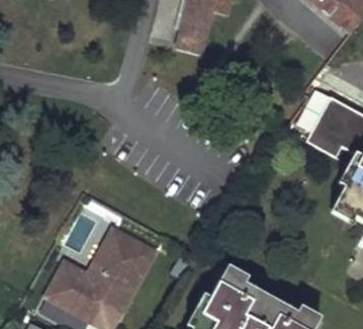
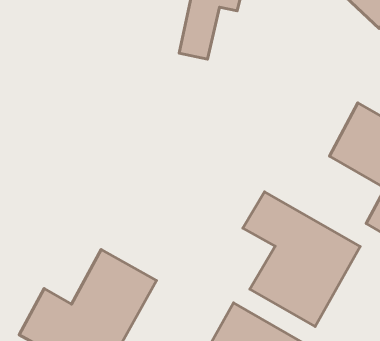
building: none -> [243,192,360,326]

